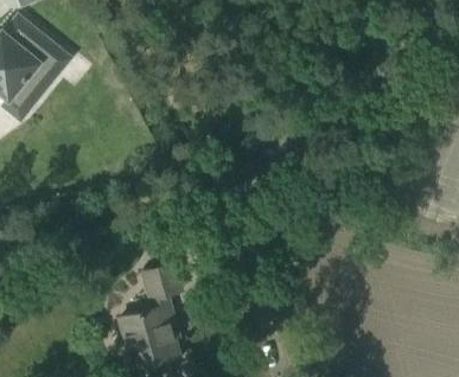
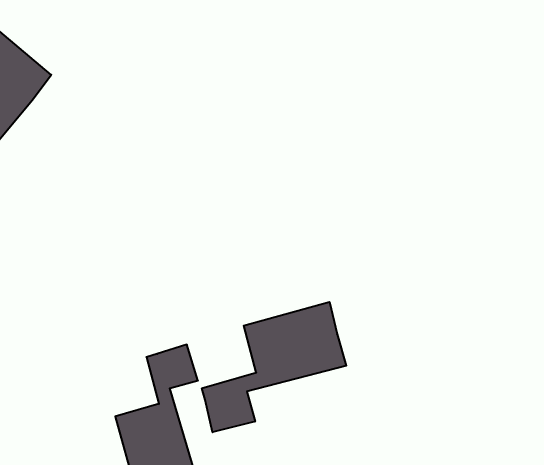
building: none -> [202,302,346,432]

